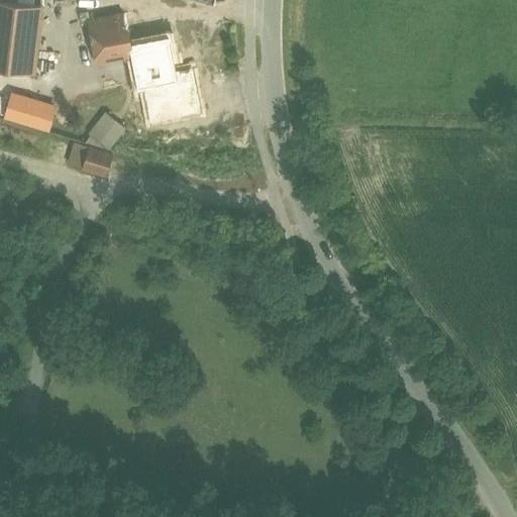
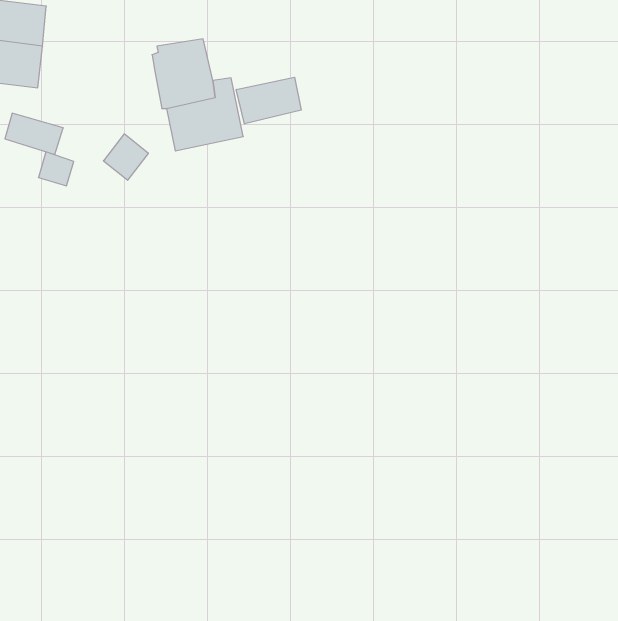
building: [88,13,131,64] -> none
building: none -> [236,77,301,124]
building: [80,147,109,176] -> [38,152,74,186]

